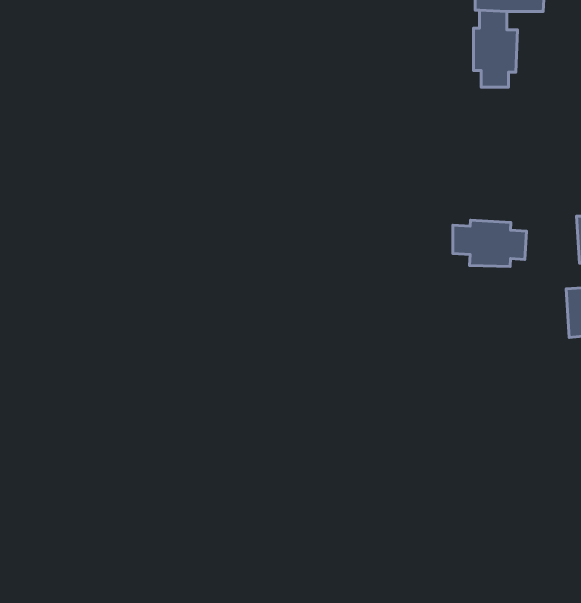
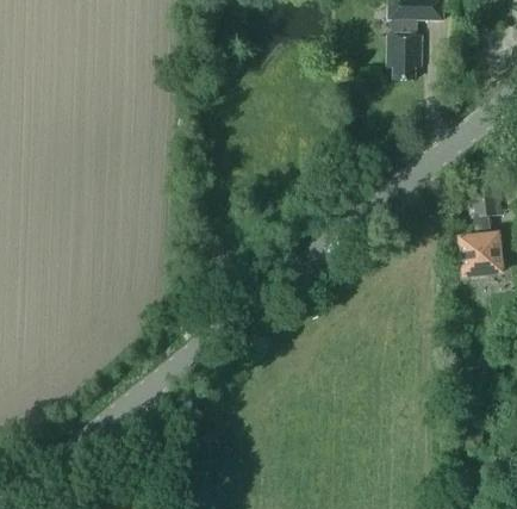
building: [453,220,526,266] -> none

